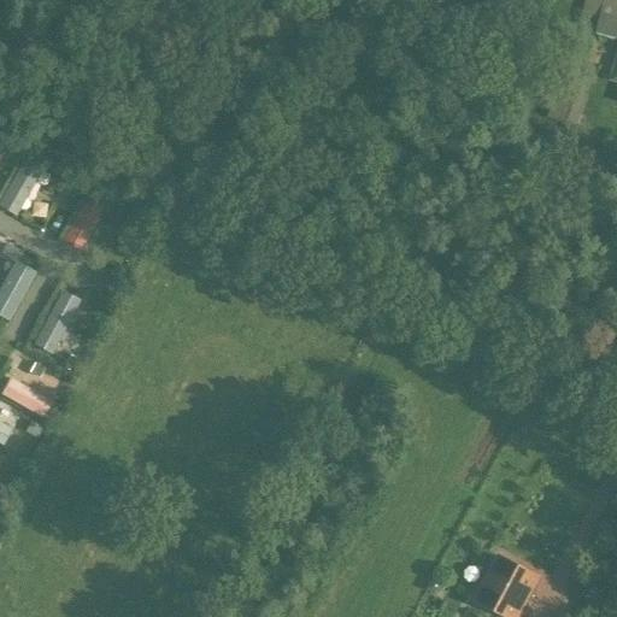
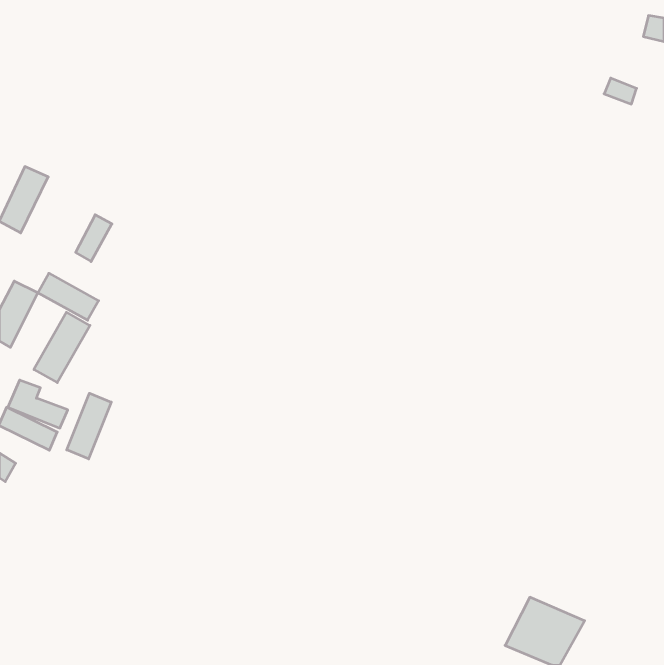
building: none -> [38,273,99,320]
building: none -> [67,393,111,459]

